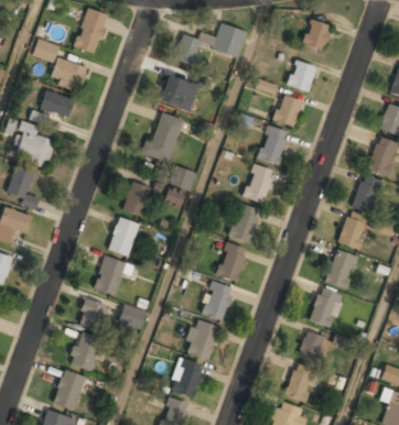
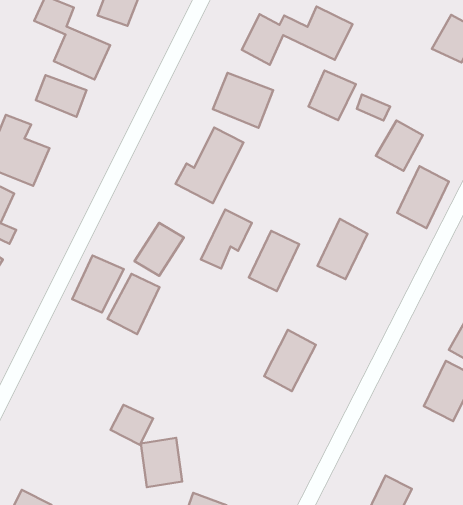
building: [288,58,317,90] -> [308,71,356,120]
building: [258,124,290,165] -> [397,166,449,228]
building: [230,203,261,242] -> [249,231,299,291]
building: [95,257,127,294] -> [72,255,124,313]
building: [201,280,235,320] -> none
building: [309,286,343,327] -> none
building: [77,297,109,330] -> none
building: [186,322,217,357] -> [141,438,182,487]
building: [72,333,101,370] -> none

